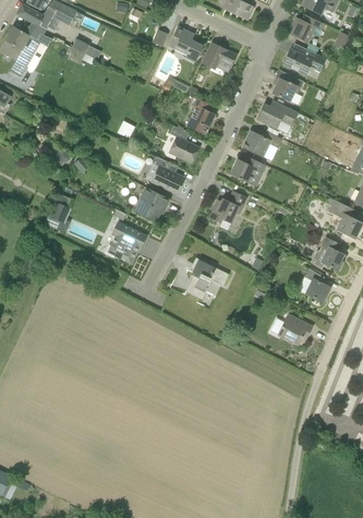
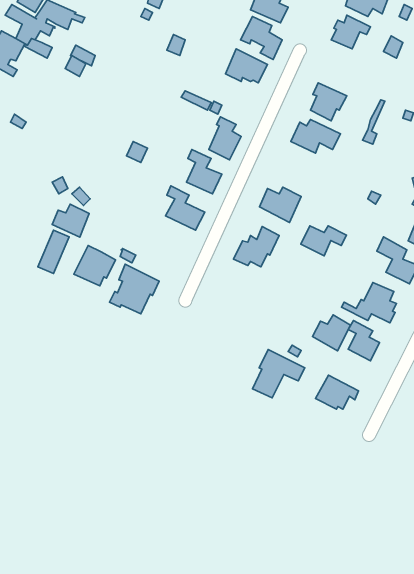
building: [168,26,203,62] -> [241,16,282,59]
building: [282,43,326,75] -> none
building: [243,131,281,156] -> [301,226,346,256]
building: none -> [52,204,89,237]
building: [134,186,169,220] -> [74,245,116,286]
building: [185,258,229,299] -> [253,350,305,398]
building: none -> [312,315,350,351]

